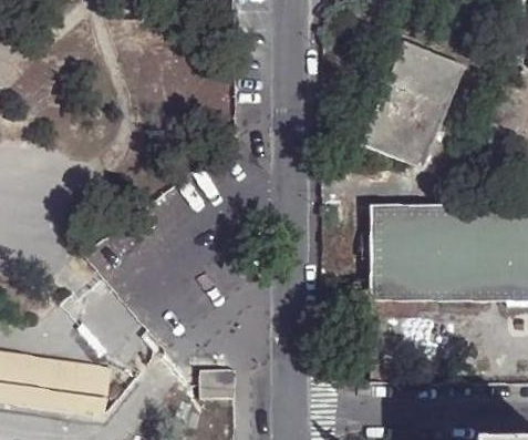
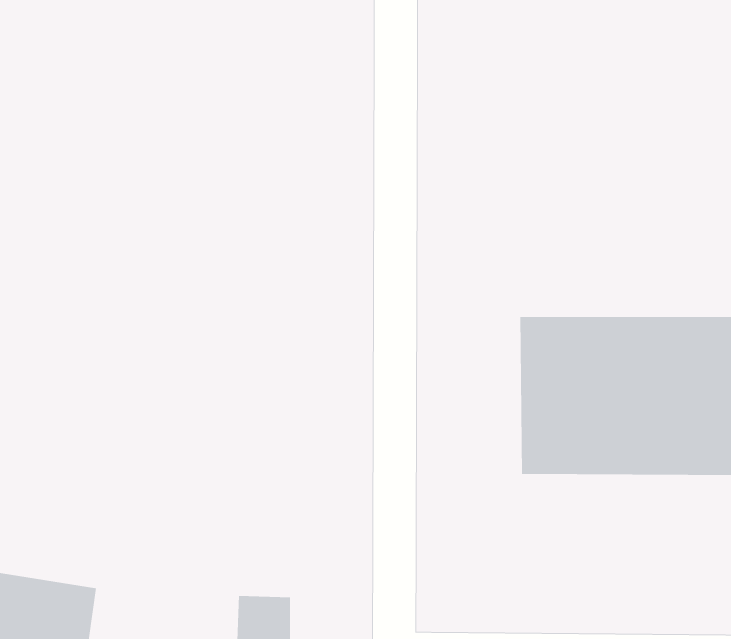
building: [361,48,458,173] -> none

